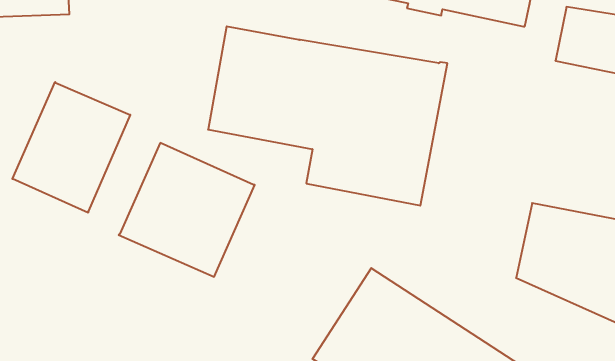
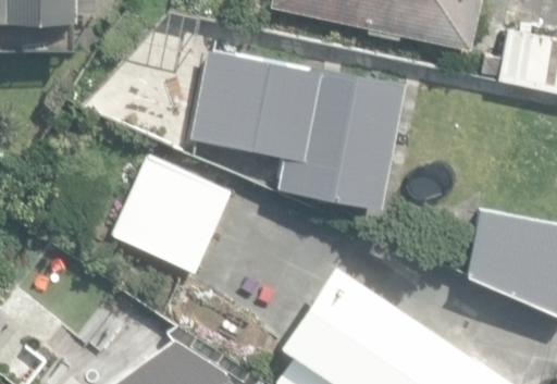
building: [12,82,130,213] -> none

